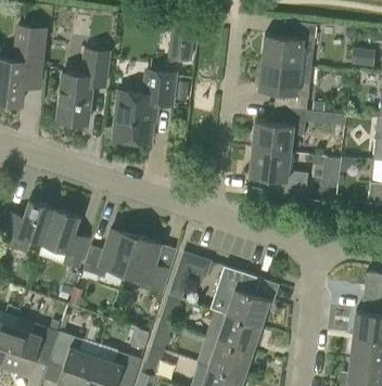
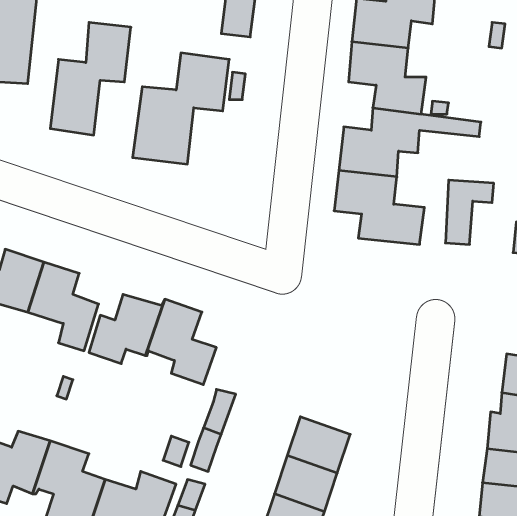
building: [169,255,211,299] -> none
building: [211,267,268,326] -> none

